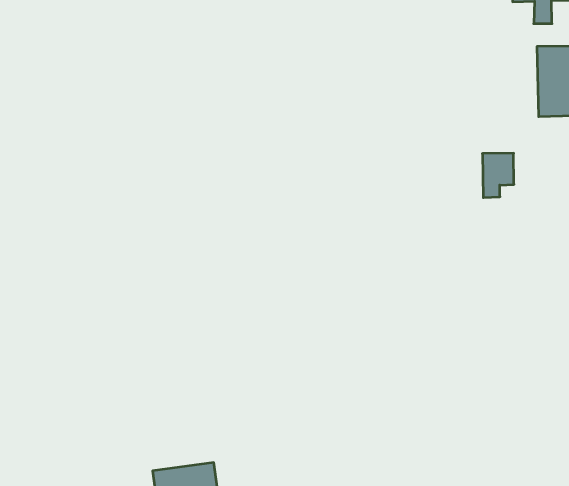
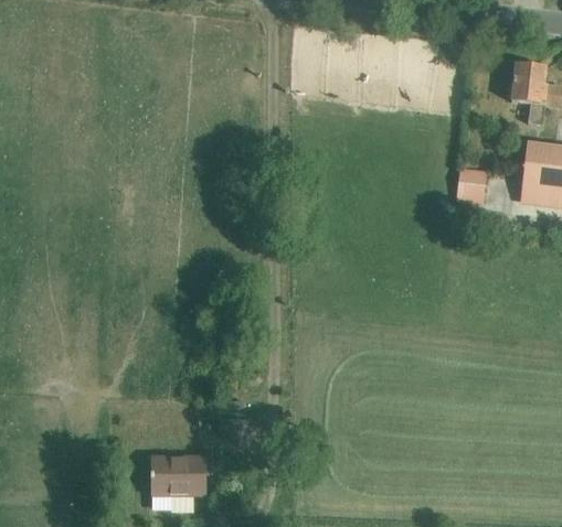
building: [482,153,514,198] -> [455,166,486,205]

